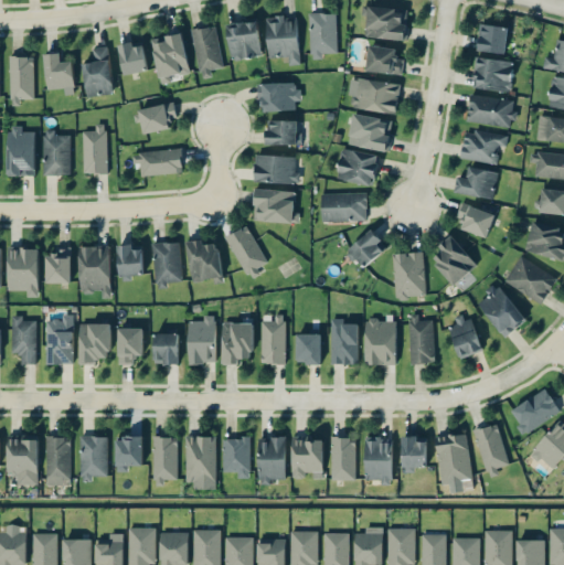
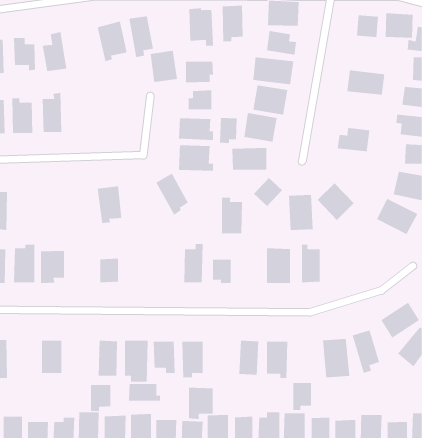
building: [227,19,263,60] -> [150,50,178,83]
building: [118,40,148,74] -> none
building: [476,57,512,89] -> [385,13,414,38]
building: [138,100,177,134] -> none
building: [460,129,508,163] -> none
building: [132,149,182,174] -> none
building: none -> [220,117,237,144]
building: [458,204,494,236] -> none
building: [187,239,221,282] -> none
building: [118,244,143,280] -> none
building: [45,245,71,282] -> none
building: [78,245,111,298] -> none
building: [476,285,526,337] -> none
building: [188,315,215,362] -> none
building: [450,315,481,356] -> none
building: [331,318,359,364] -> [221,197,243,234]
building: [222,322,253,364] -> none
building: [118,324,142,364] -> none
building: [45,436,71,484] -> none
building: [403,436,427,471] -> [293,383,312,411]
building: [116,437,142,471] -> [90,385,111,412]
building: [291,437,323,478] -> [188,387,214,420]
building: none -> [128,383,161,402]

